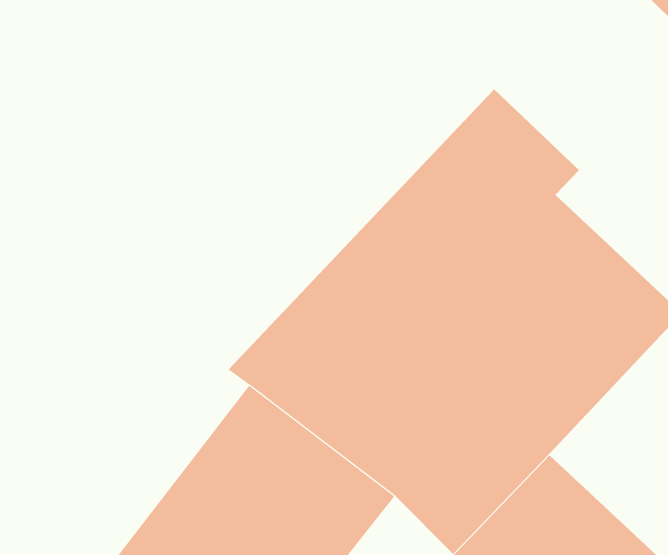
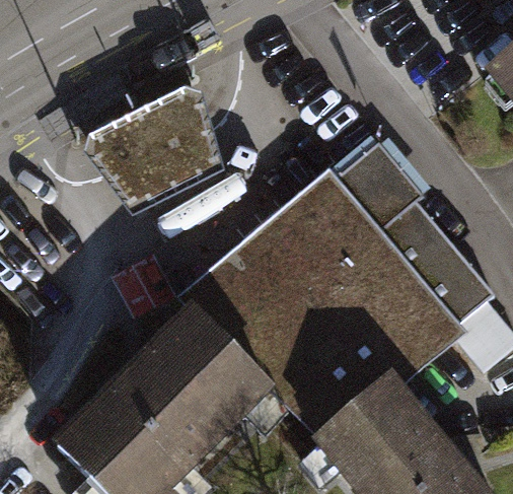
building: none -> [78,82,218,210]

